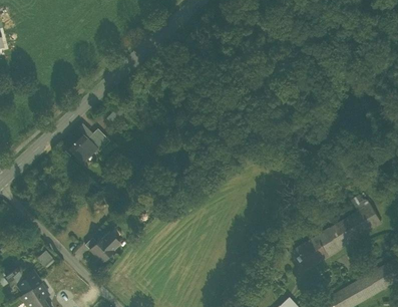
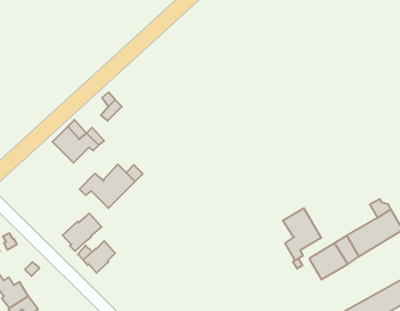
building: none -> [79,164,135,208]
building: none -> [283,208,321,260]
building: none -> [62,214,102,251]

